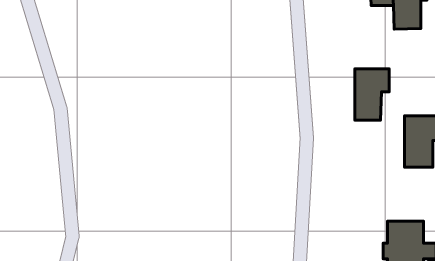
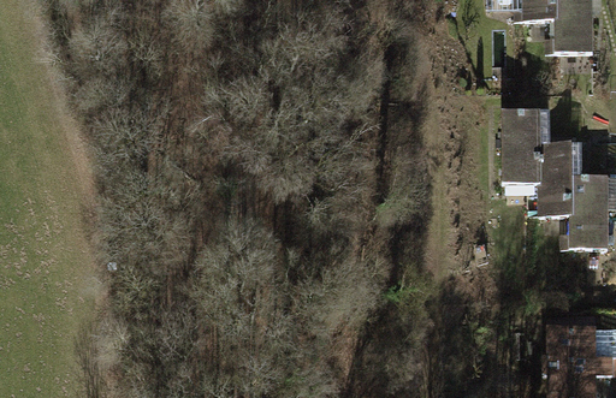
building: none -> [529,142,581,216]

